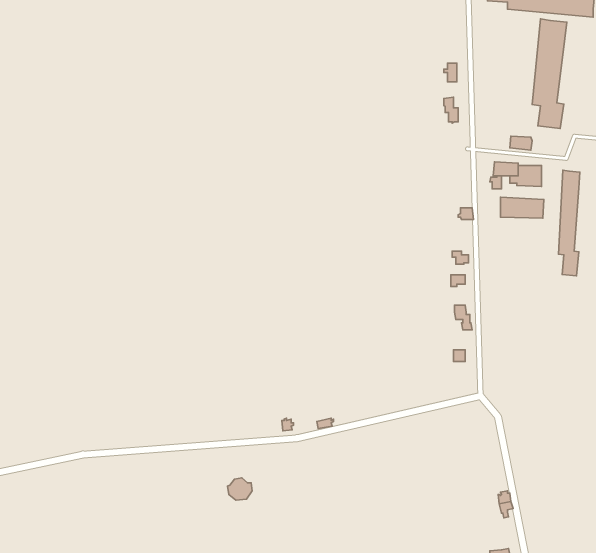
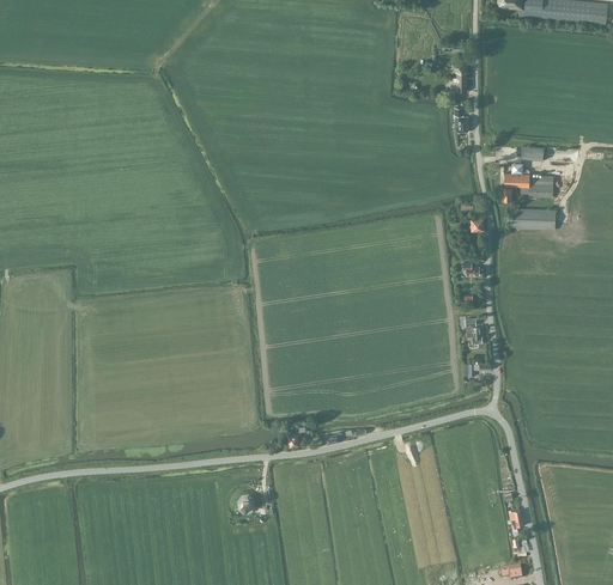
building: [532,19,567,129] -> none
building: [558,170,580,276] -> none

